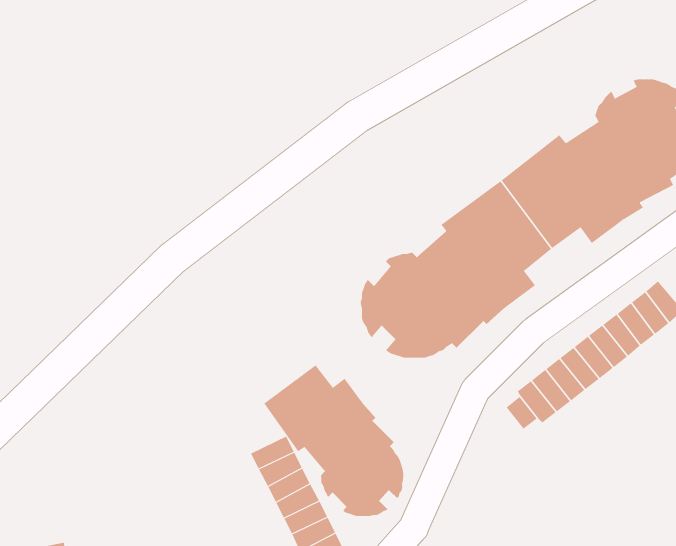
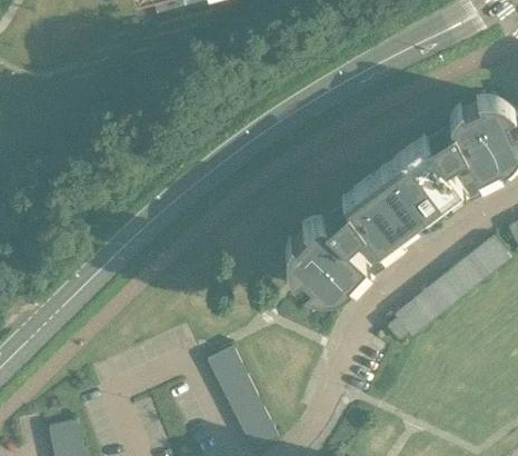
building: [264,364,404,517] -> none

